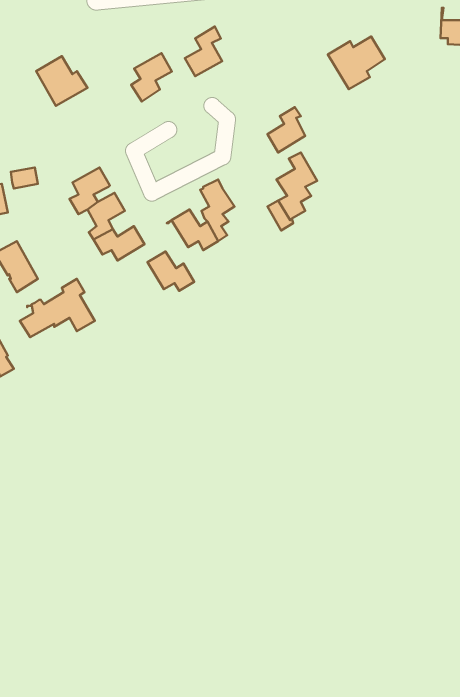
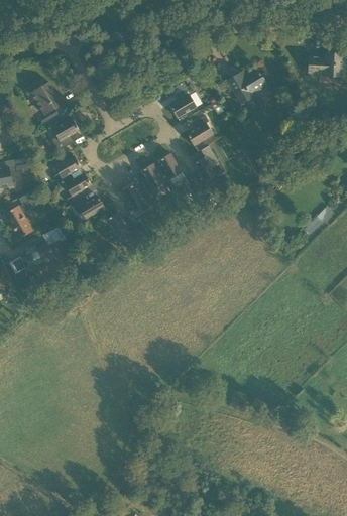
building: [185,26,222,76] -> [170,84,196,117]
building: [131,53,172,101] -> [51,118,79,150]
building: none -> [156,151,182,186]

